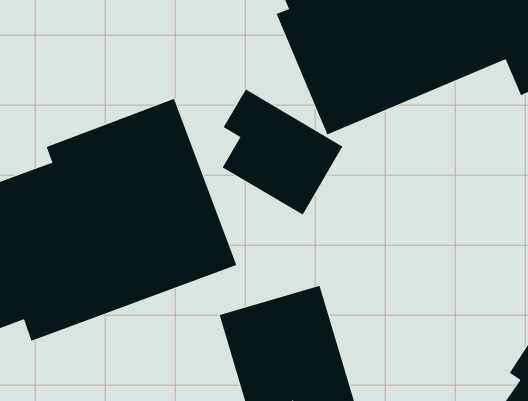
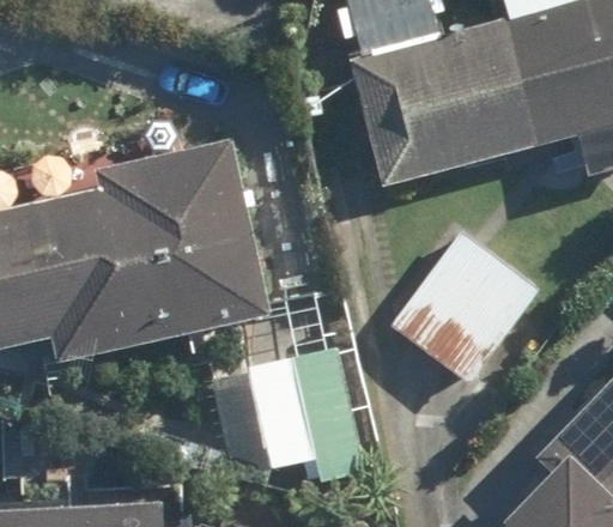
building: [222,89,343,215] -> none
building: none -> [380,224,542,393]

